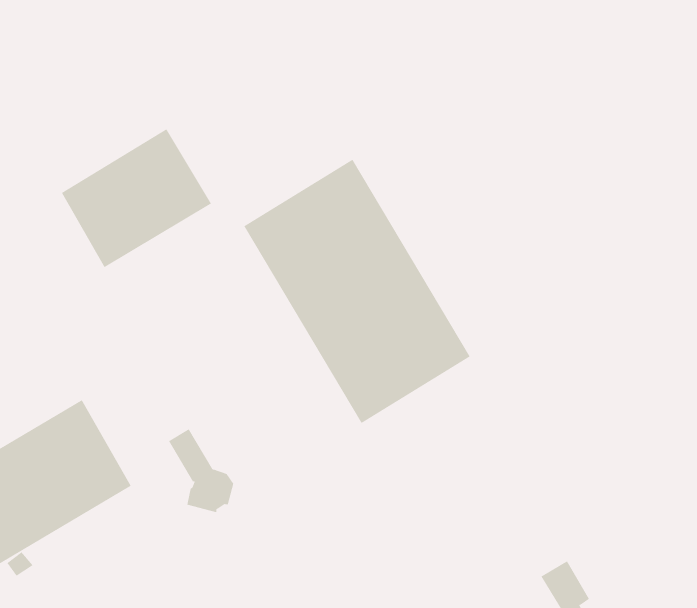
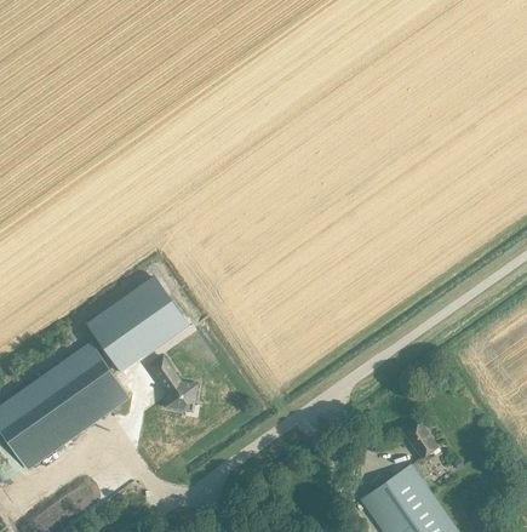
building: [61,129,212,268] -> [88,276,189,372]
building: [244,159,471,424] -> none

